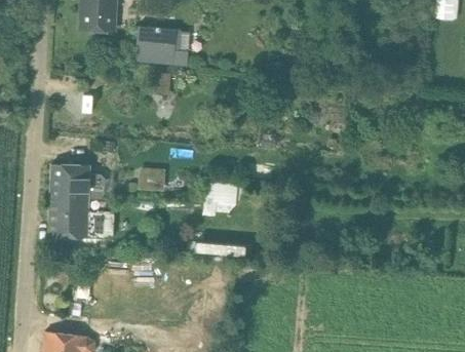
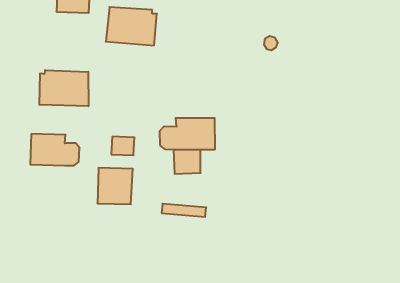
building: none -> [40,70,88,106]
building: none -> [160,118,215,150]
building: [49,198,88,238] -> [97,168,133,204]

